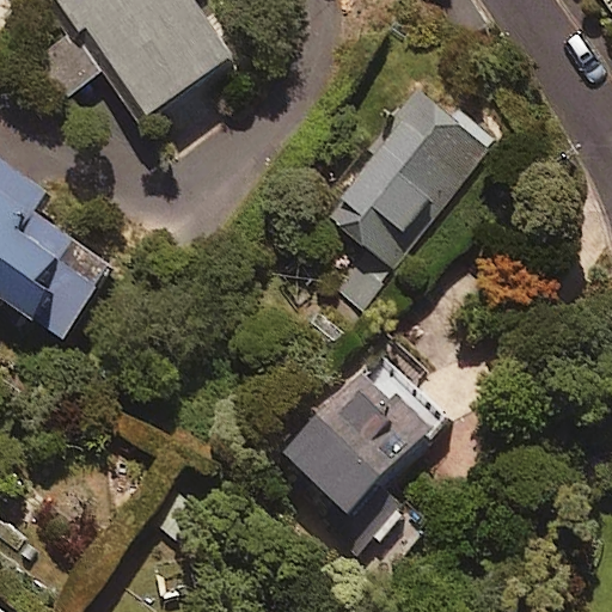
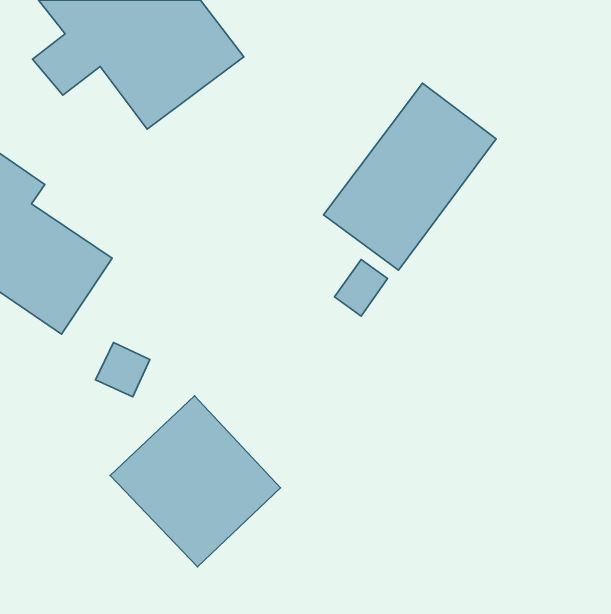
building: [281,351,441,555] -> none
building: none -> [110,396,280,567]

